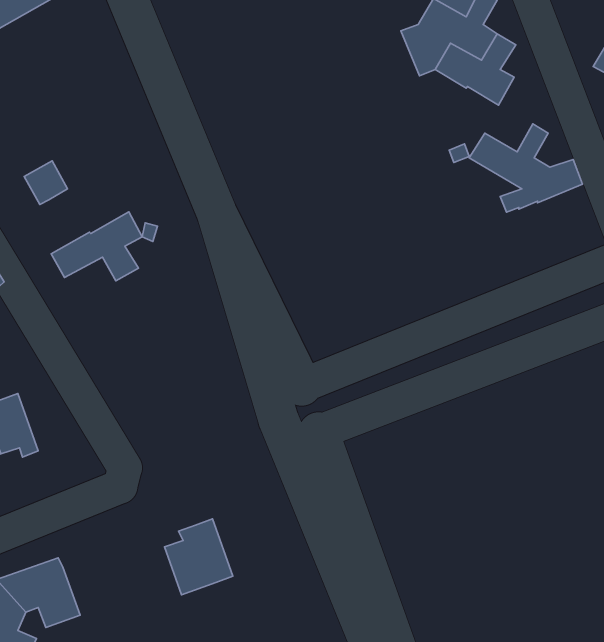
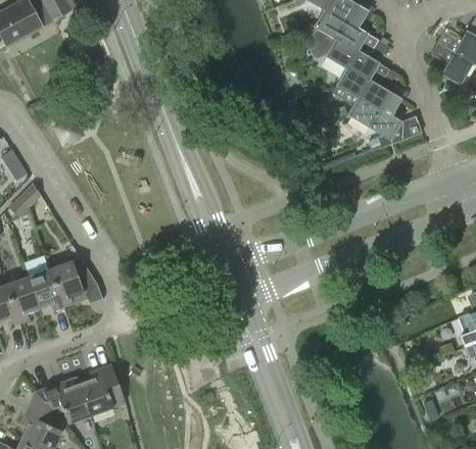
building: none -> [336,60,389,109]
building: [51,212,142,281] -> none
building: none -> [50,258,98,306]
building: [165,519,233,595] -> [80,364,125,414]

